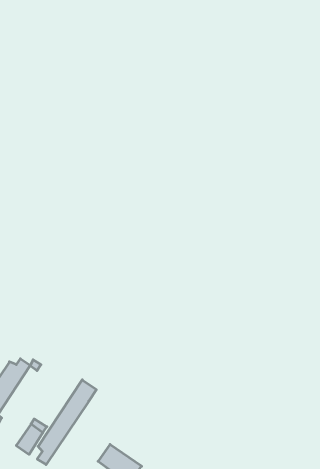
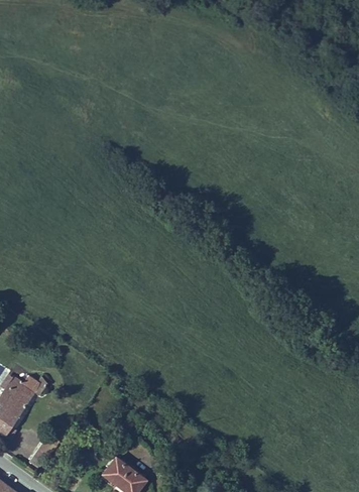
building: [37,380,96,465] -> none

